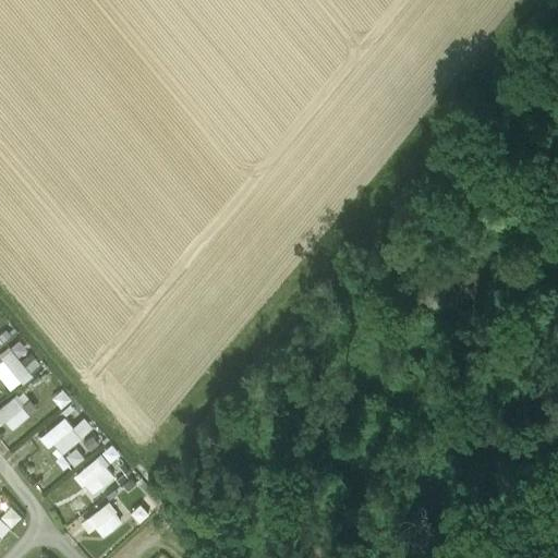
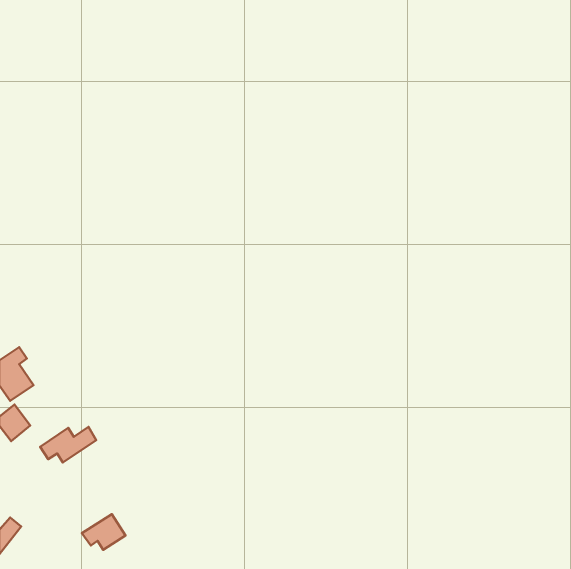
building: [73,456,114,497] -> none

